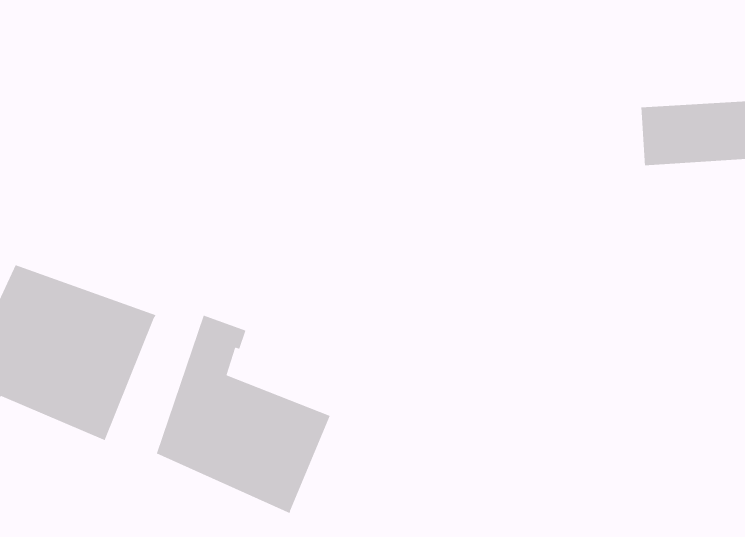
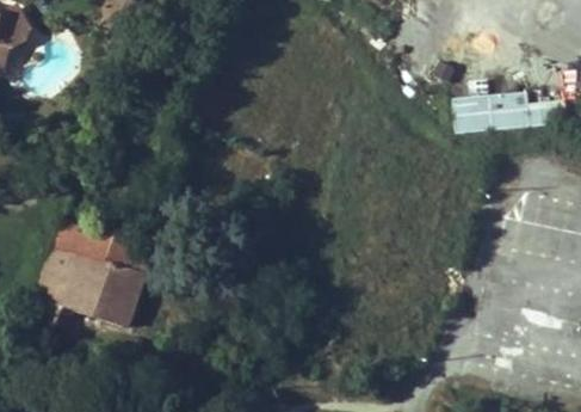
building: [156,314,331,514] -> none

